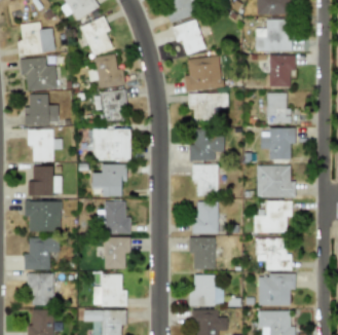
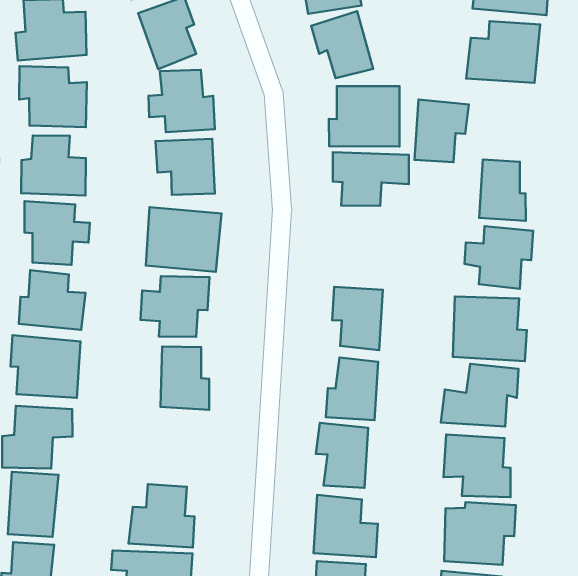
building: [270,54,297,86] -> [415,100,469,162]
building: [189,129,225,160] -> none
building: [105,236,132,269] -> none

